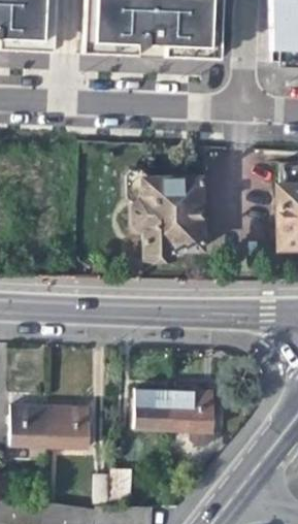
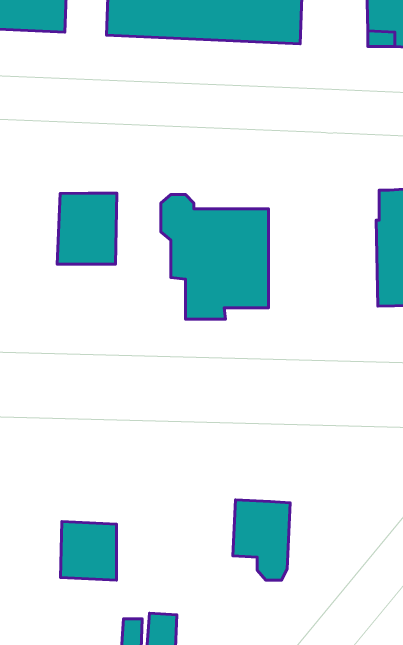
building: none -> [57,193,117,264]
building: [136,386,176,428] -> none
building: [11,402,52,444] -> none

